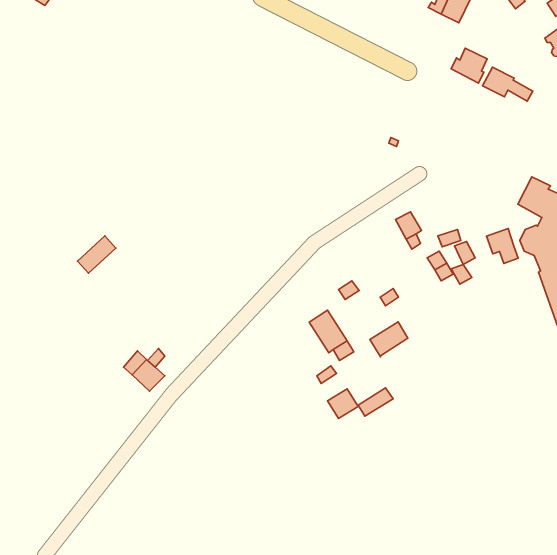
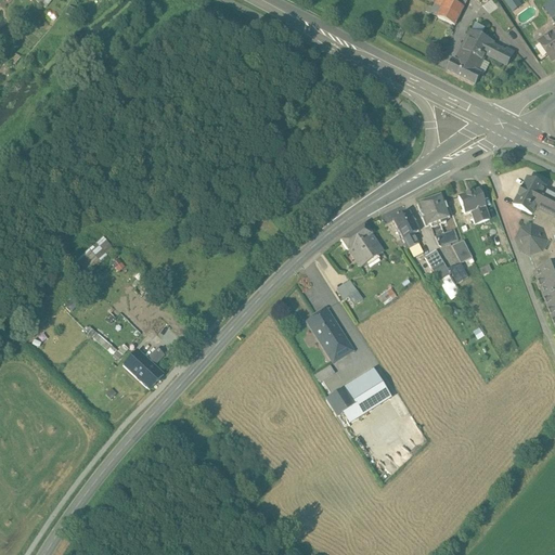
building: [483,67,533,101] -> [463,29,513,63]
building: none -> [418,193,451,225]
building: none -> [341,222,383,266]
building: [486,229,518,264] -> [459,188,490,222]
building: [370,322,408,357] -> [346,369,384,403]

